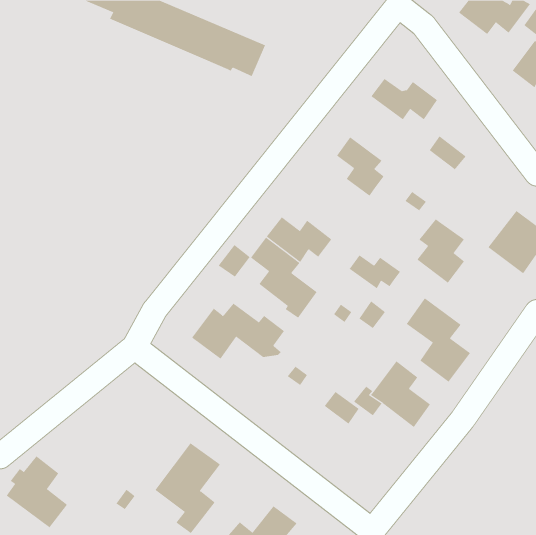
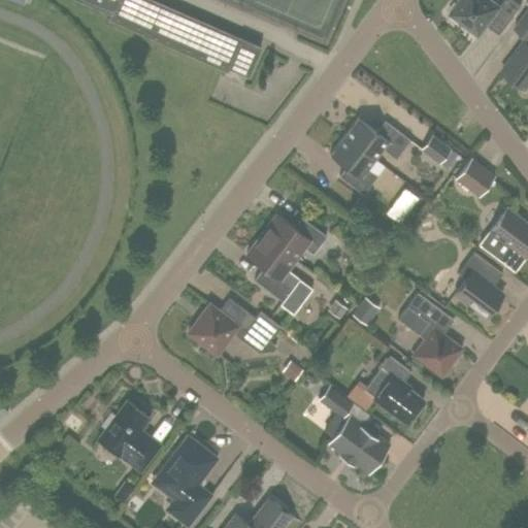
building: [371,78,438,120] -> [344,119,410,160]
building: none -> [456,160,494,197]
building: [416,218,465,284] -> [456,253,503,317]
building: [218,244,251,278] -> none
building: [349,255,401,289] -> none
building: none -> [330,417,389,472]
building: [6,455,68,528] -> [98,400,159,471]

